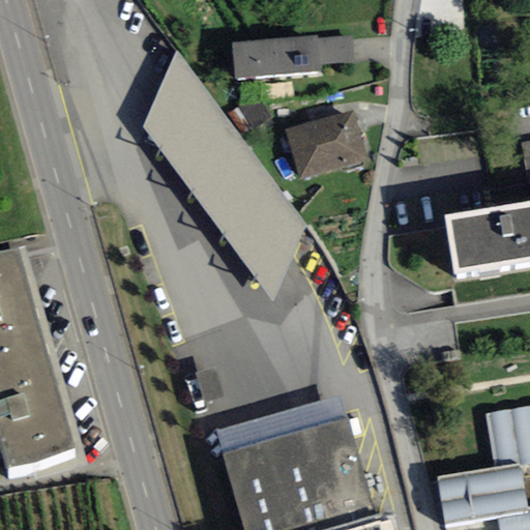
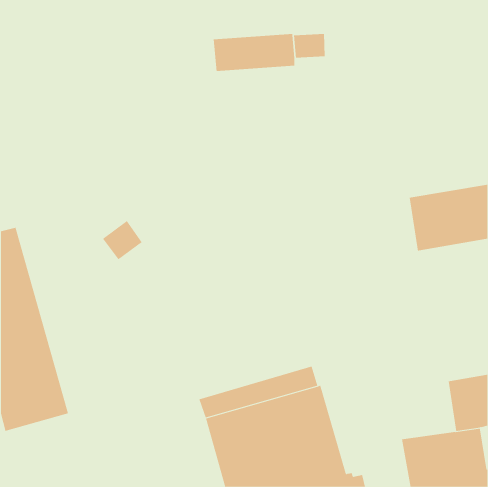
building: [143,50,307,301] -> none
building: [285,111,366,179] -> none
building: none -> [102,220,143,260]

